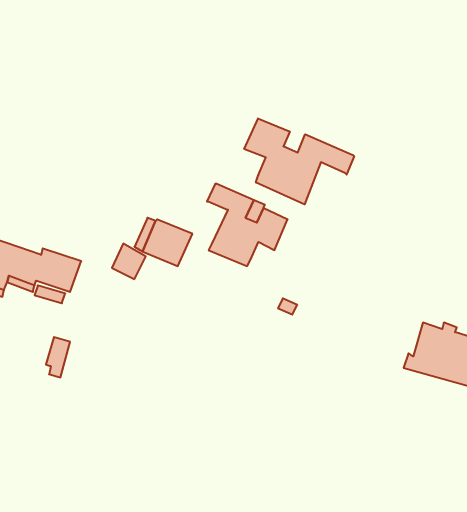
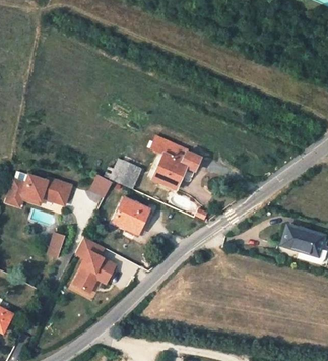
building: [244,118,354,204] -> none
building: none -> [113,197,149,233]
building: none -> [74,236,116,290]

